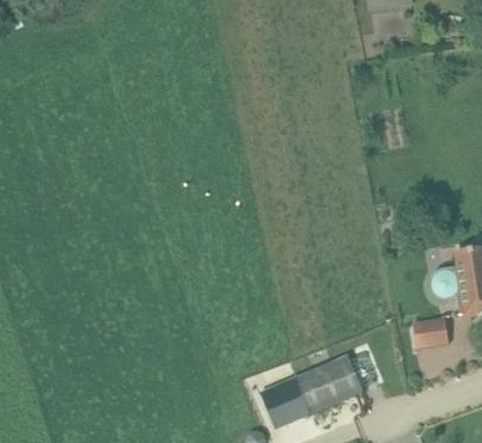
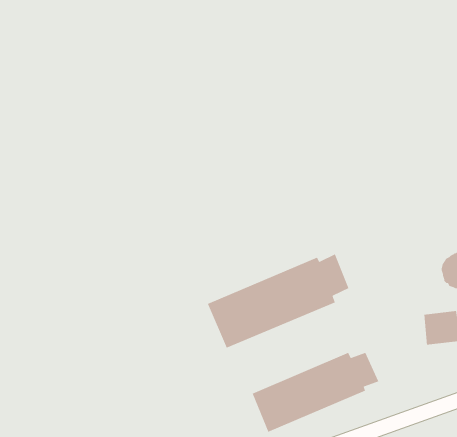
building: none -> [207,253,349,348]

